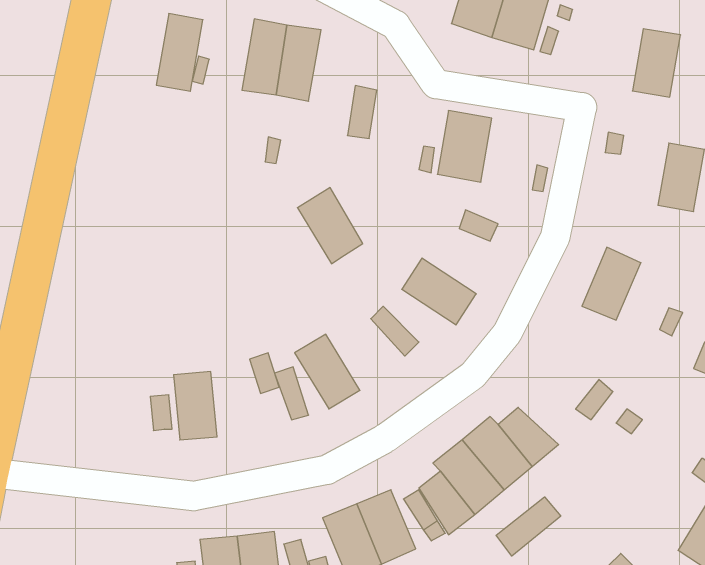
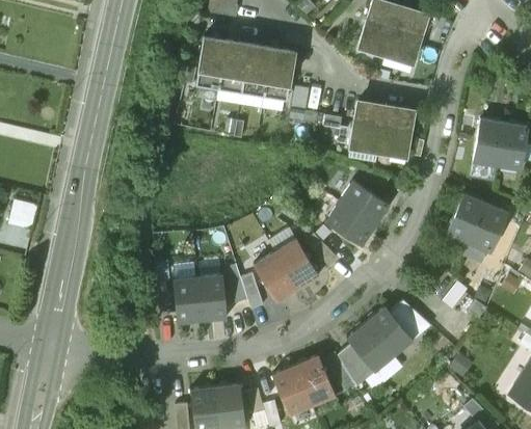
building: [156,14,203,91] -> [195,37,227,89]
building: [632,29,681,97] -> [472,120,504,166]
building: none -> [263,49,294,101]
building: none -> [378,108,414,156]
building: [297,188,363,264] -> [274,239,318,290]
building: none -> [339,181,389,225]
building: none -> [469,205,508,253]
building: none -> [197,275,227,321]
building: [496,497,561,556] -> none

